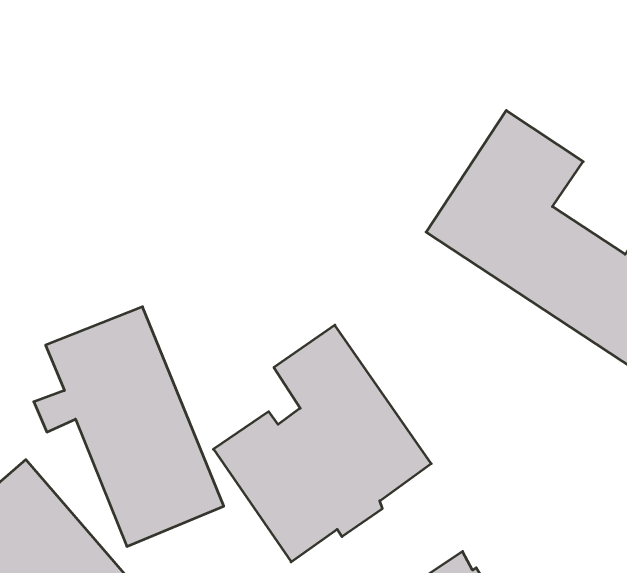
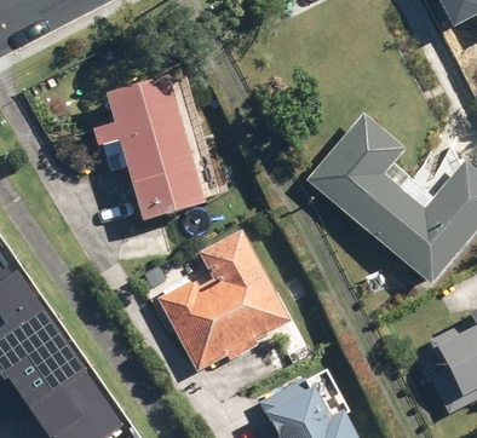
building: [34,307,224,546] -> [91,77,200,223]

